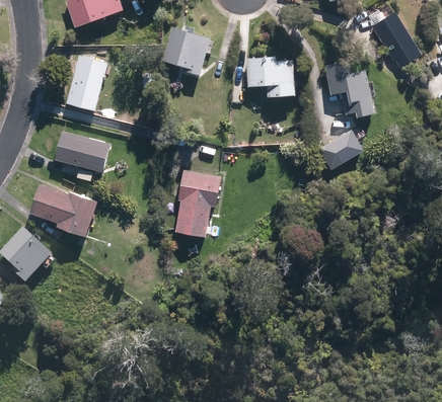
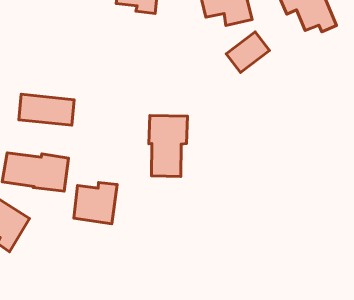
building: [67,59,106,111] -> none
building: [317,132,360,169] -> [226,32,269,73]
building: none -> [74,182,117,224]

